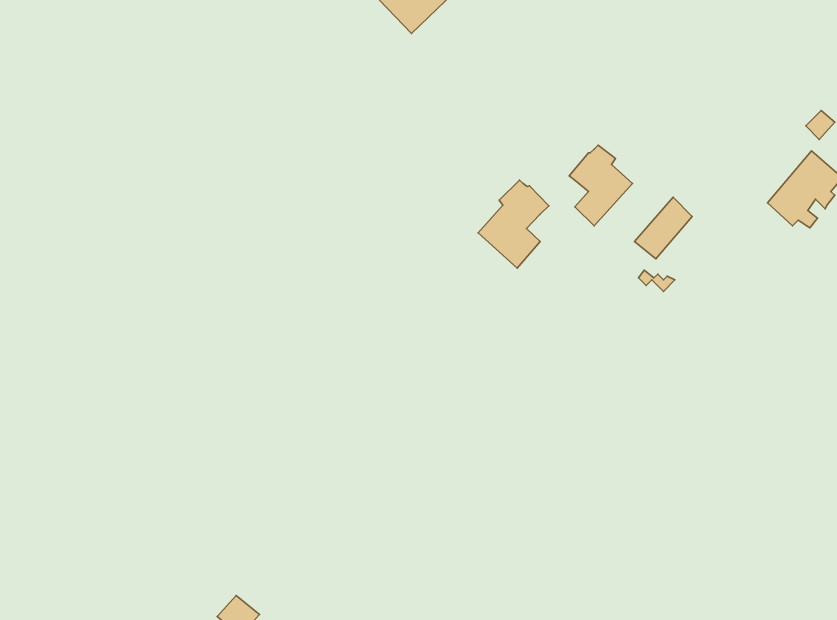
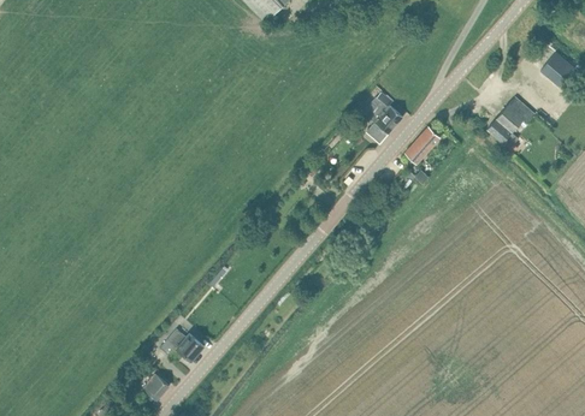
building: [478,180,549,268] -> none
building: none -> [161,329,205,361]

